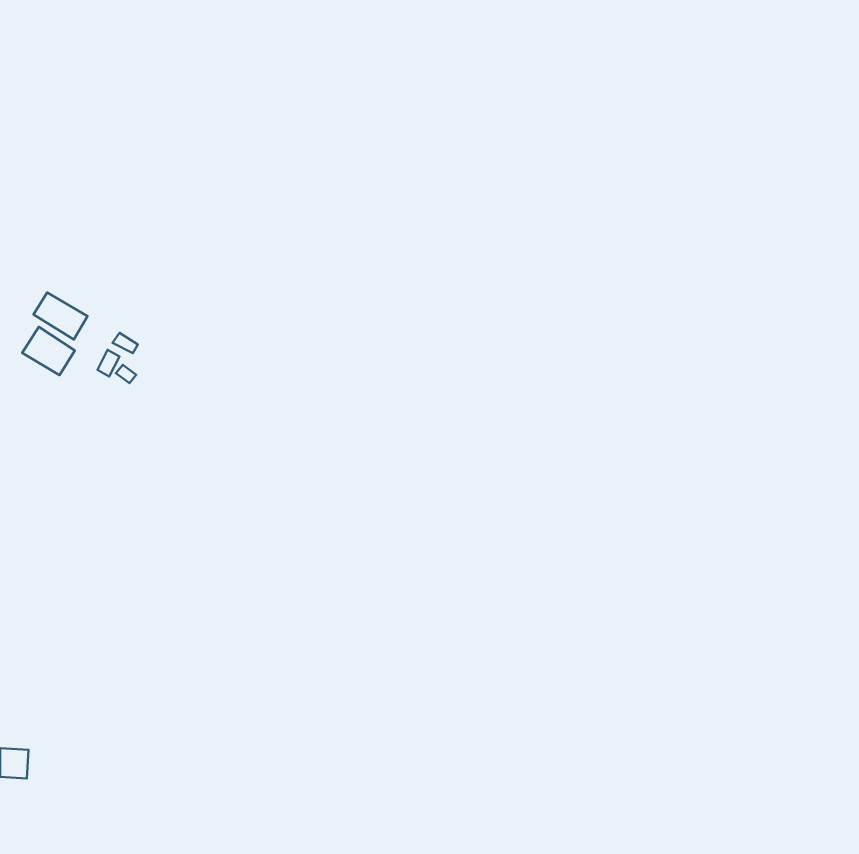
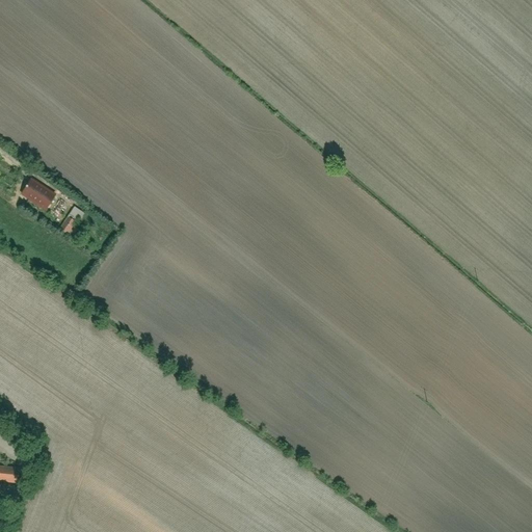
building: [22,327,75,375] -> none

